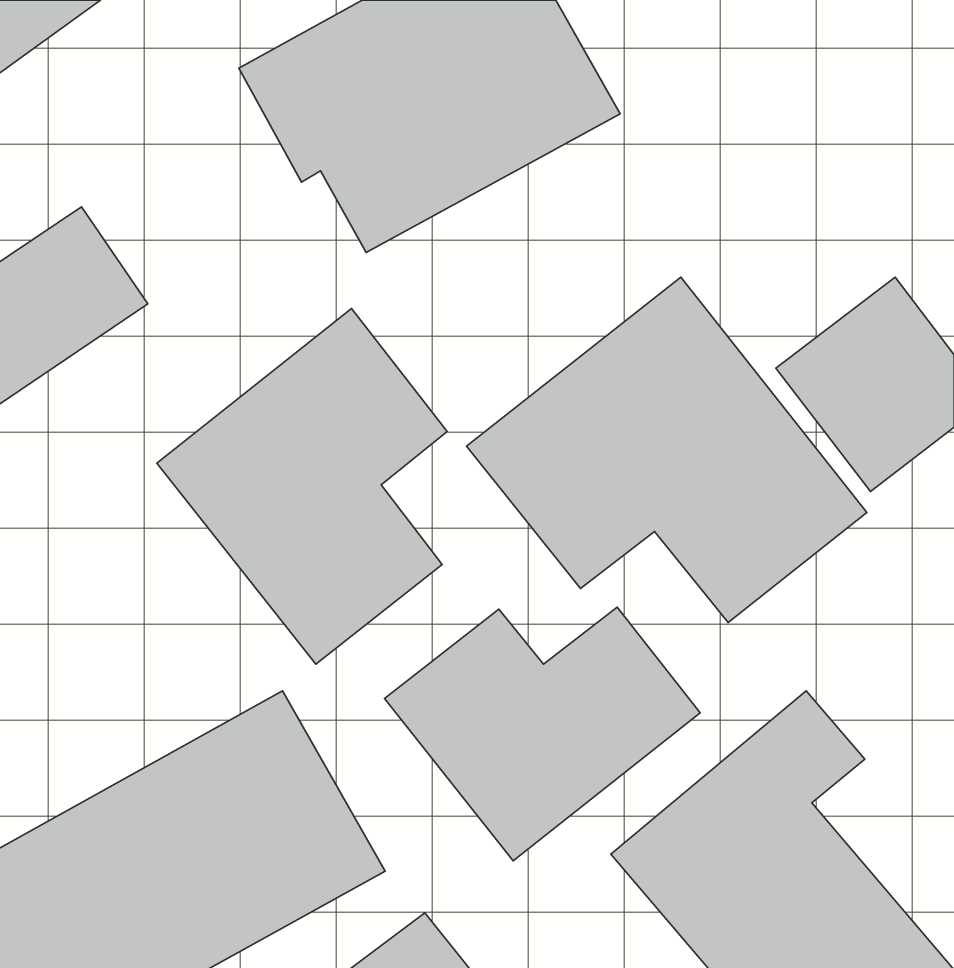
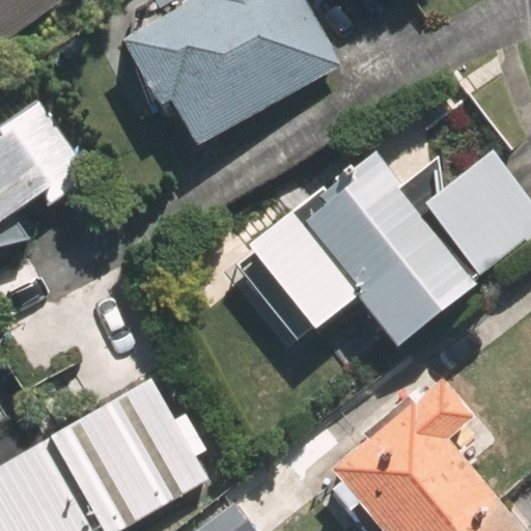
building: [157,309,447,664] -> none
building: [385,607,700,861] -> none

